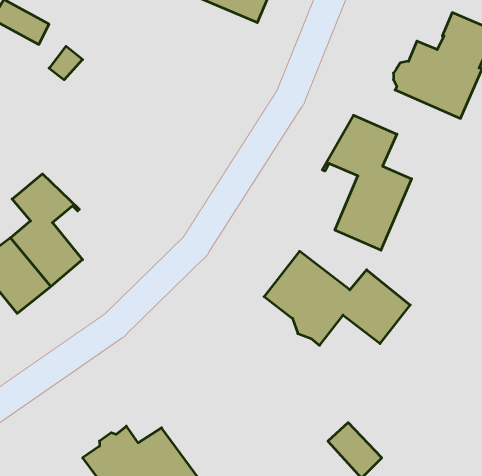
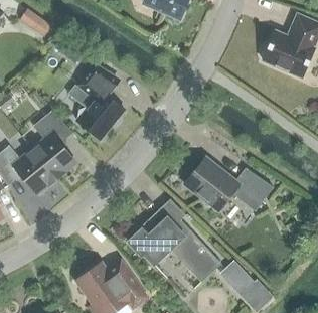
building: none -> [76,64,125,138]
building: [322,115,412,250] -> none
building: none -> [128,215,221,281]

